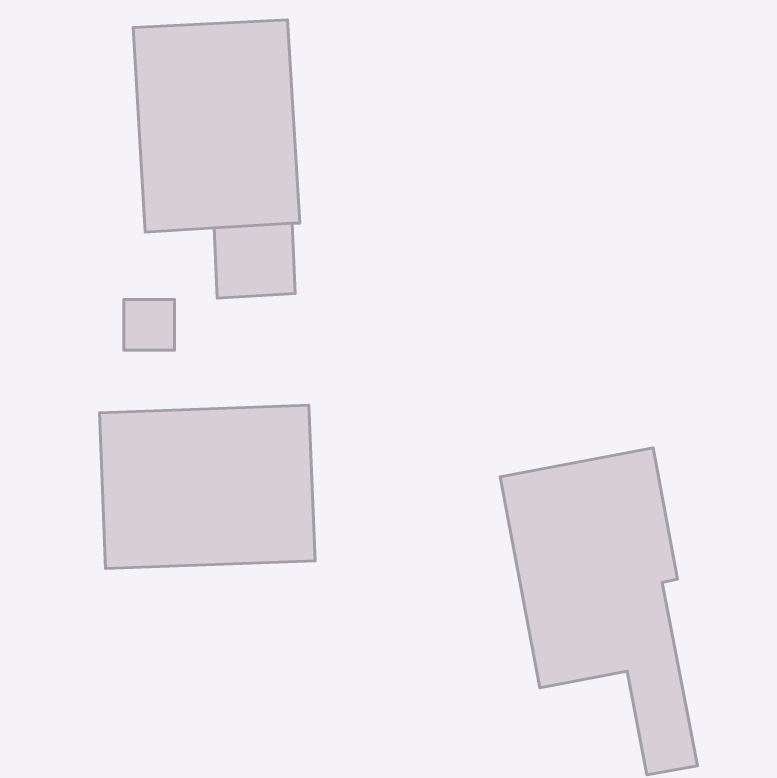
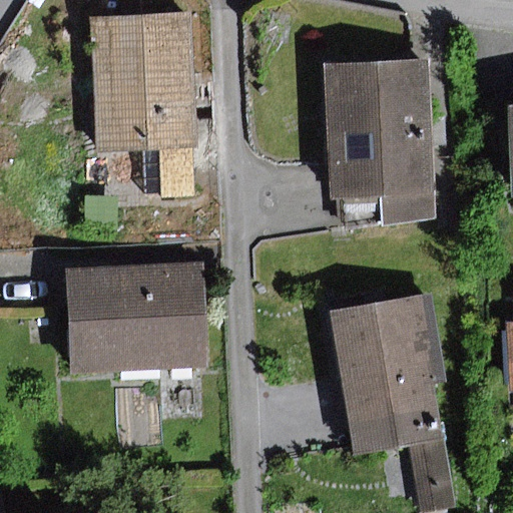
building: none -> [324,57,435,229]

